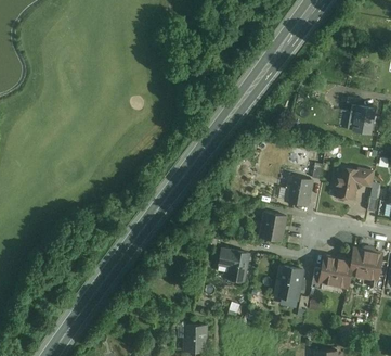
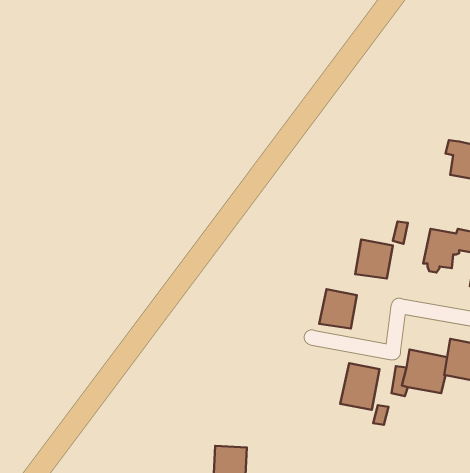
building: [218,249,249,281] -> none

